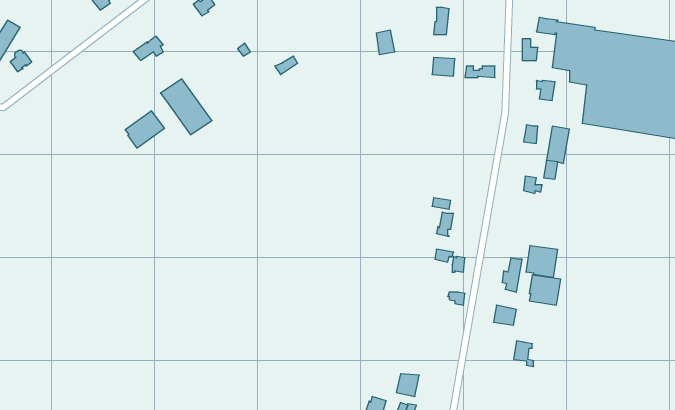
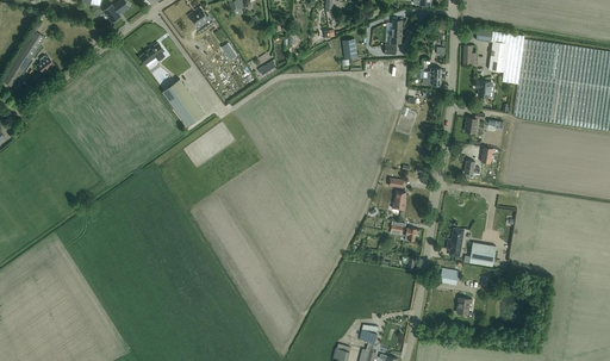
building: [125,111,164,148] -> none
building: [526,245,558,277] -> none

